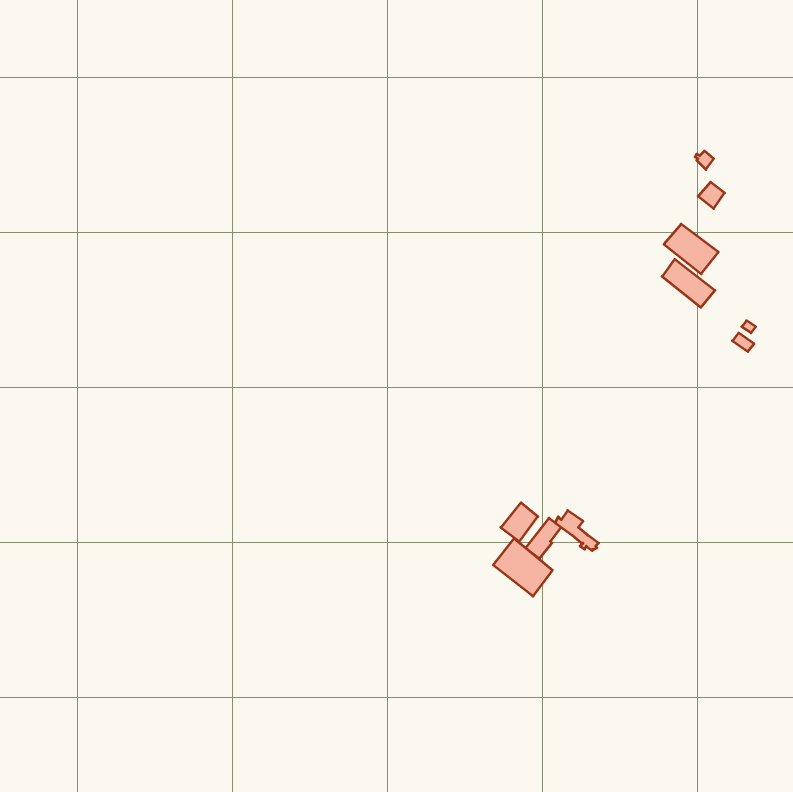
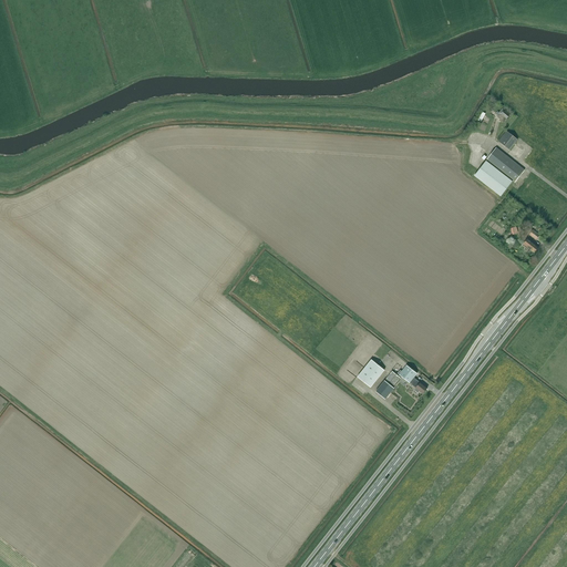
building: [662,259,715,307] -> [486,146,524,181]
building: [493,538,552,596] -> none

